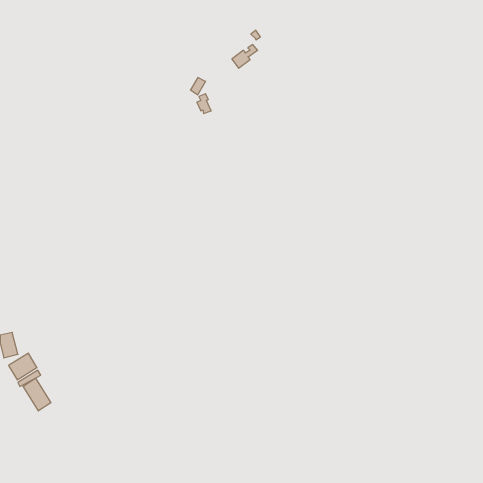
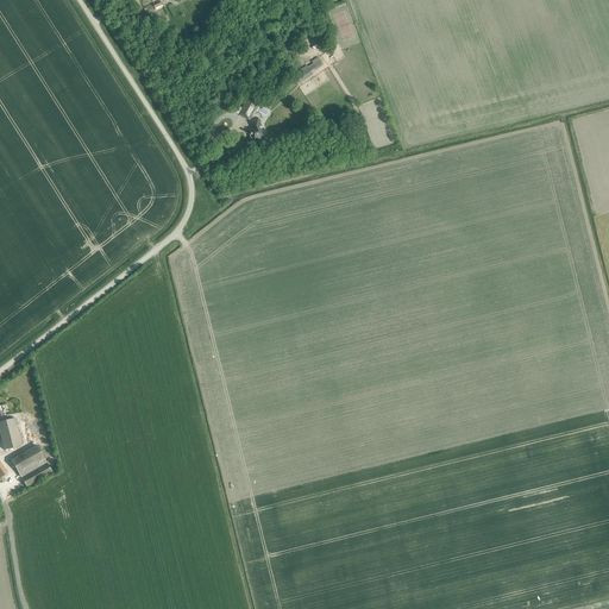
building: [23,378,51,411] -> none

